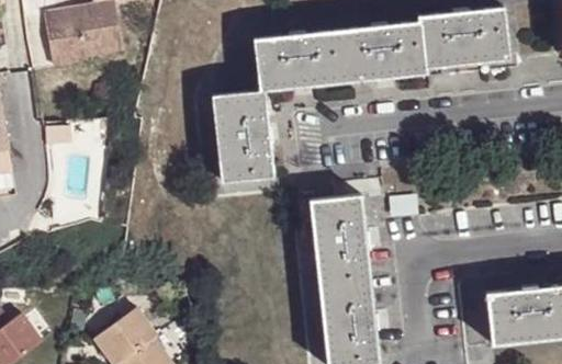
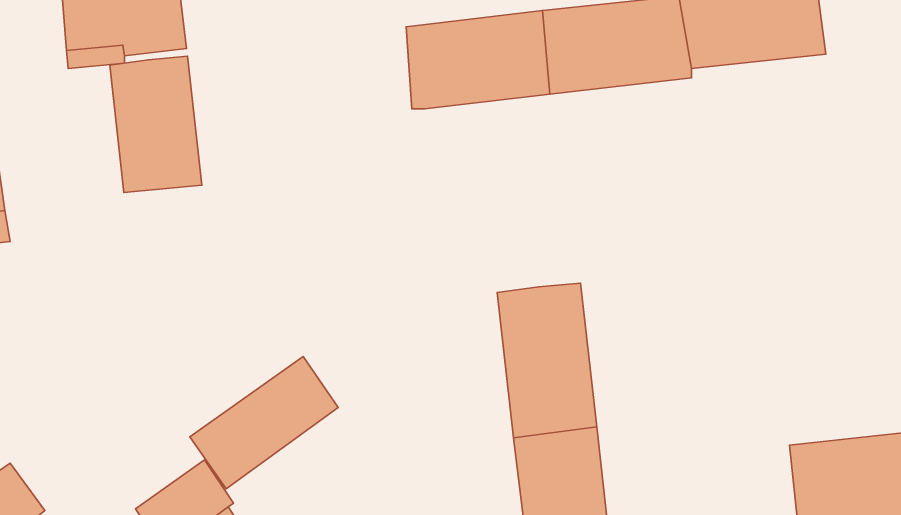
building: none -> [110,56,202,192]
building: [213,91,273,181] -> none
building: none -> [190,356,338,489]

